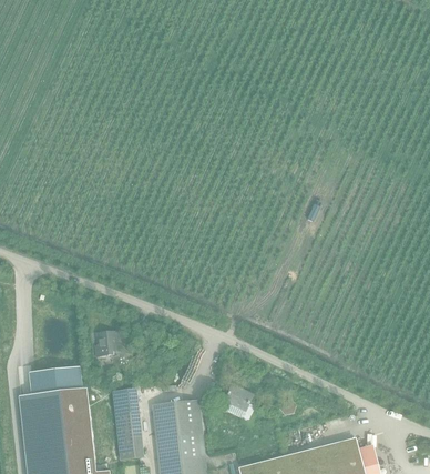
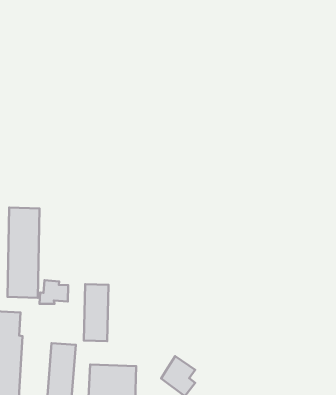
building: none -> [7,207,40,298]
building: none -> [84,284,108,341]

